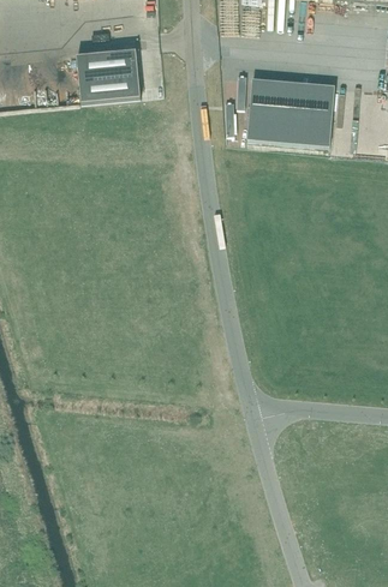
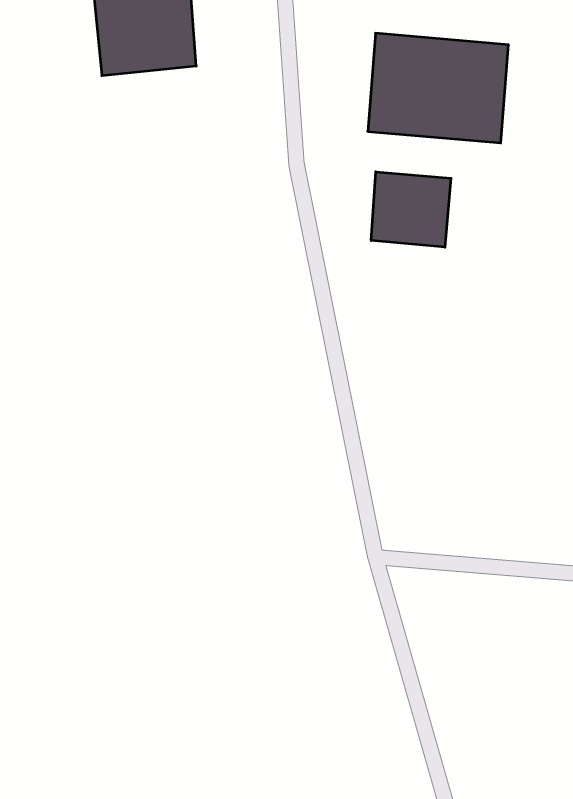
building: none -> [371,172,451,247]

